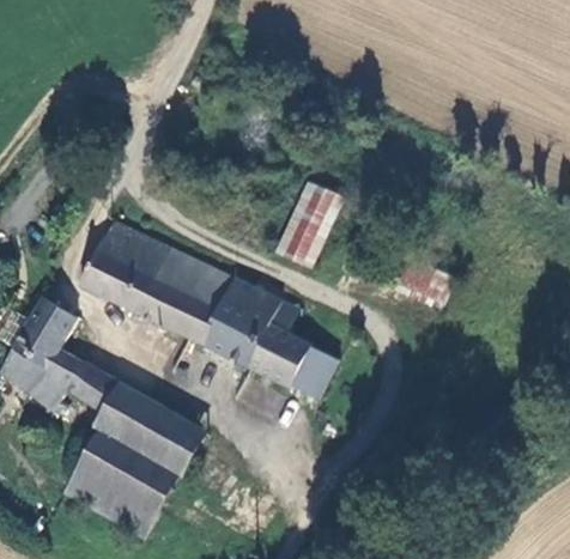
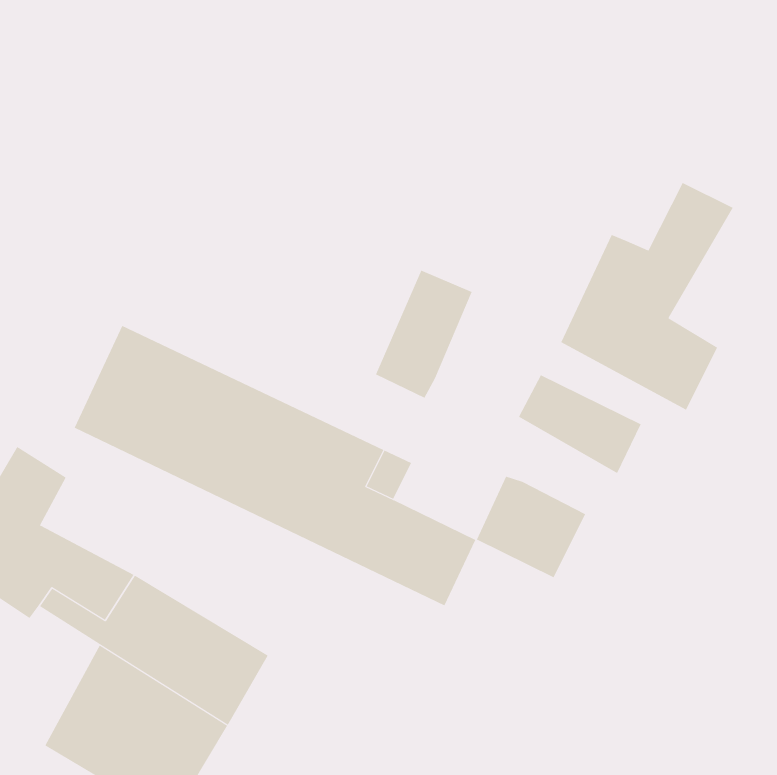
building: none -> [560,182,734,411]
building: none -> [476,476,586,578]

